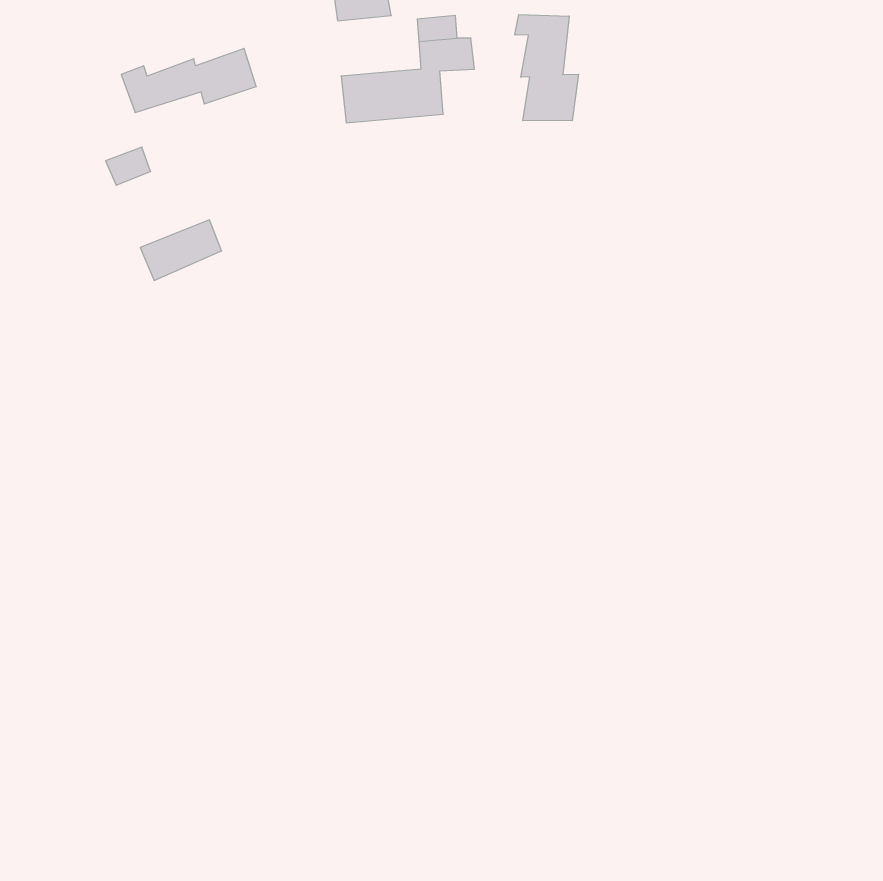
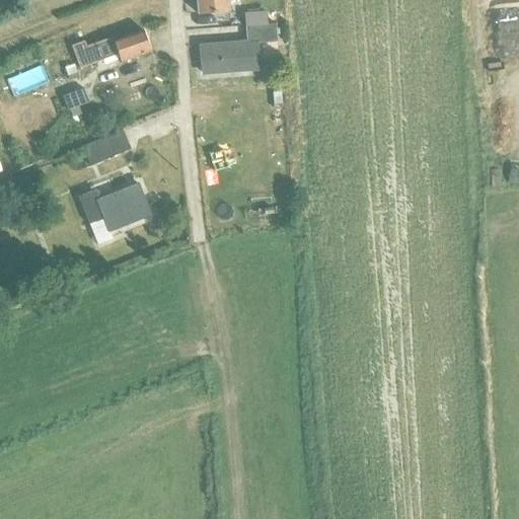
building: [515,15,578,121] -> none
building: none -> [79,181,151,242]

